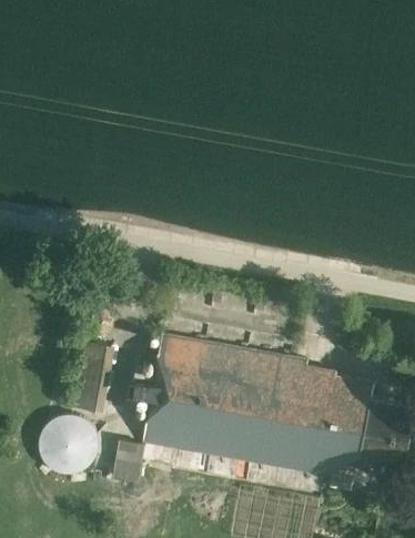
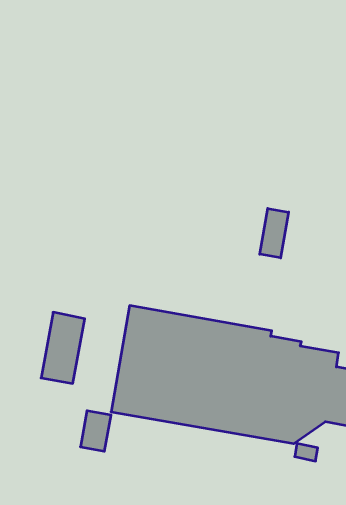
building: none -> [260,208,289,258]
building: [38,416,100,477] -> none

